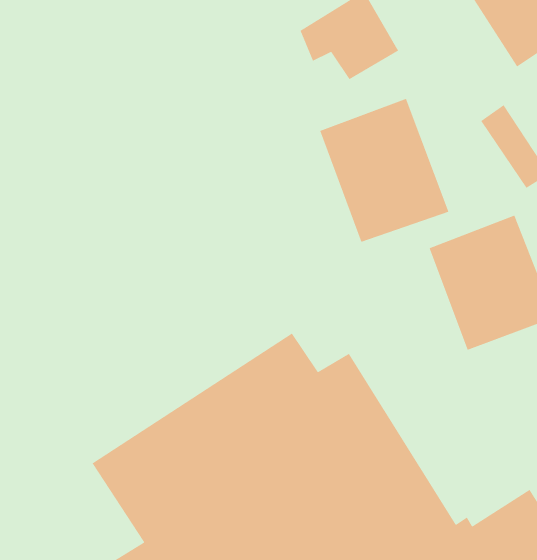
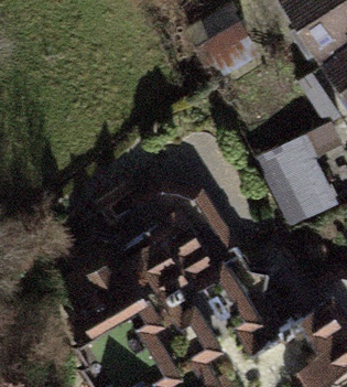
building: [319,98,449,243] -> none

